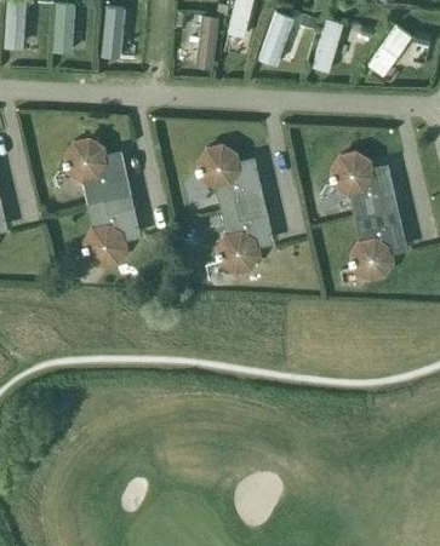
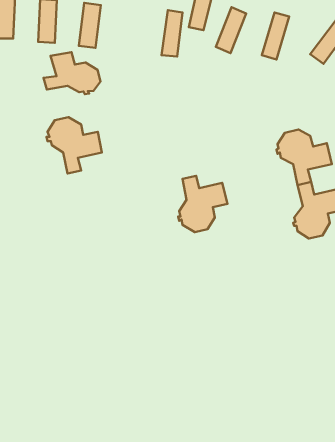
building: none -> [44,52,101,94]
building: [196,145,261,209] -> none
building: [82,200,139,265] -> none

